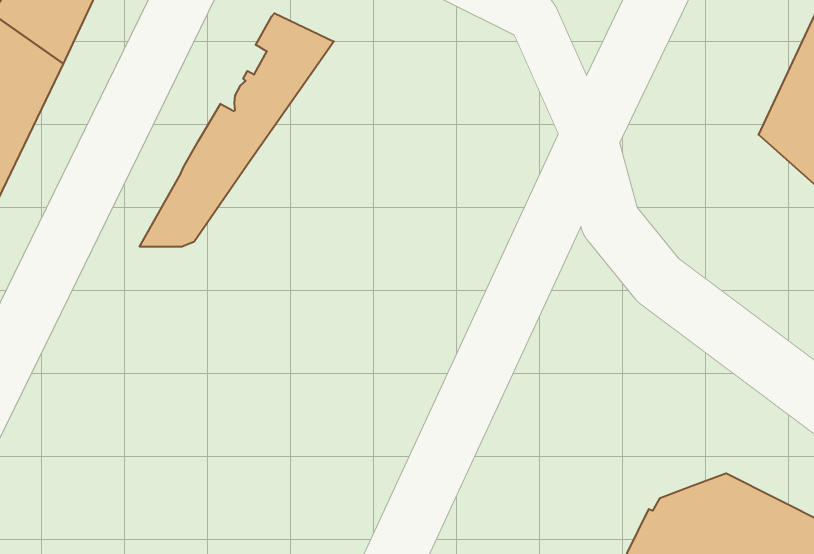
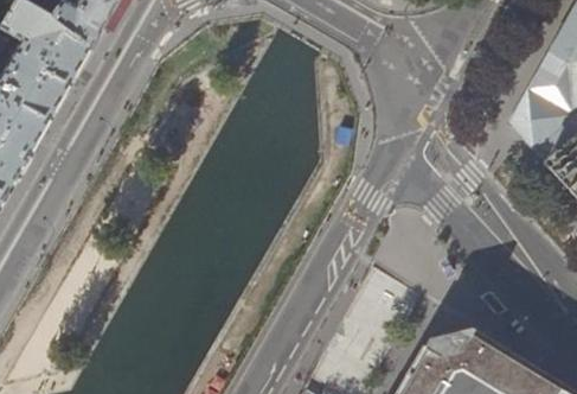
building: [140,13,334,247] -> none

